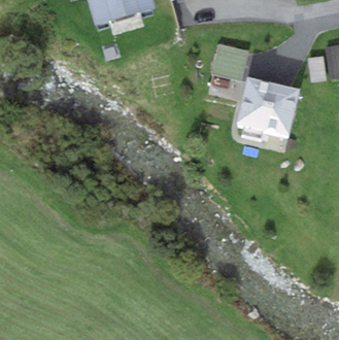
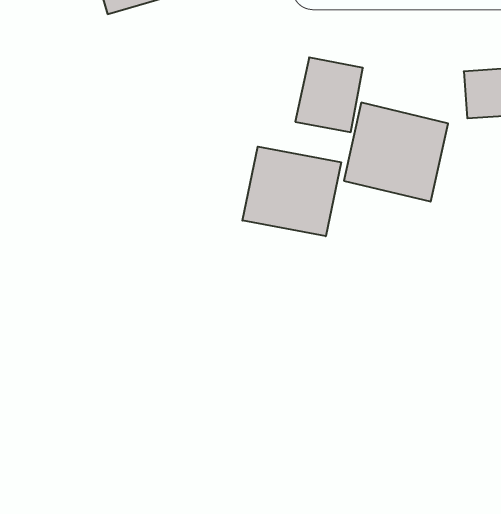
building: none -> [242,147,341,236]

